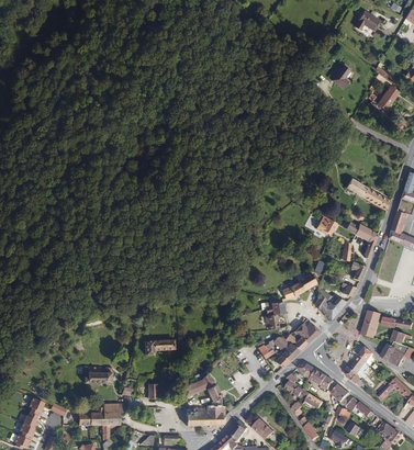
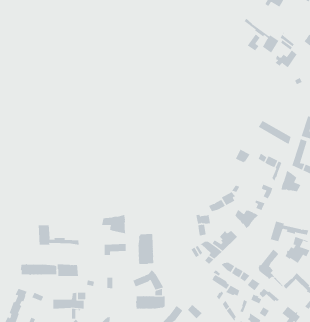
building: none -> [244,18,279,54]
building: none -> [281,170,301,192]
building: none -> [101,214,126,234]
building: none -> [38,225,79,245]
building: none -> [137,233,155,265]
building: none -> [20,263,57,276]

